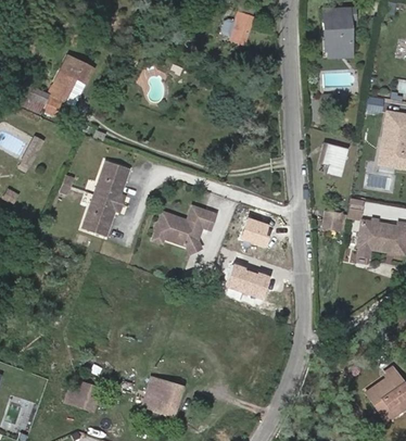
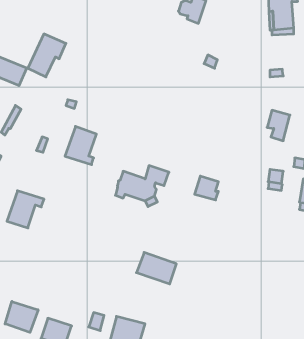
building: [80,194,123,237] -> [7,191,44,228]
building: [223,263,268,299] -> [136,252,176,284]
building: none -> [5,301,38,332]

